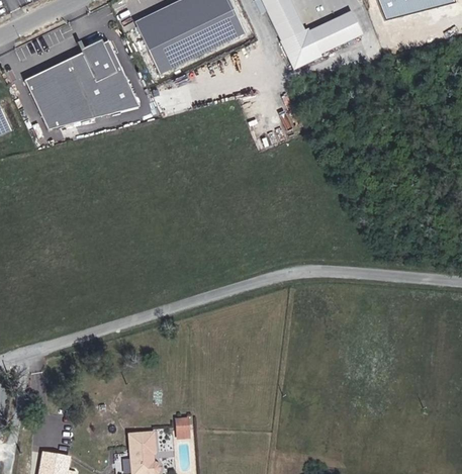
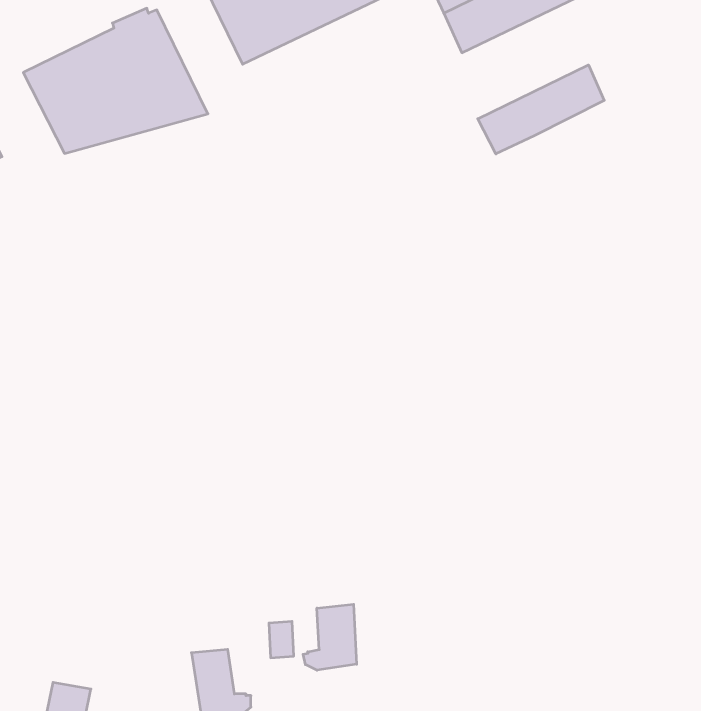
building: none -> [478,65,604,154]
building: none -> [303,604,357,670]

